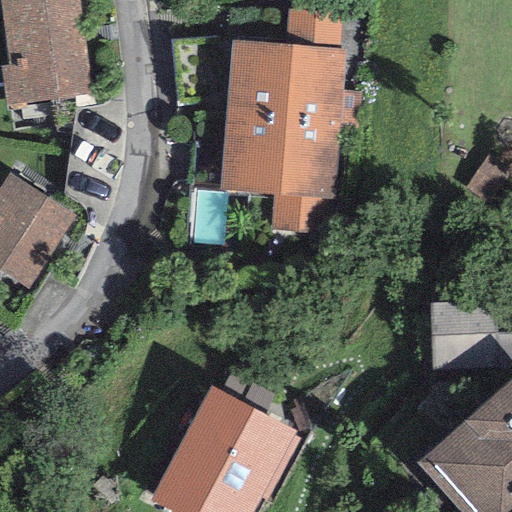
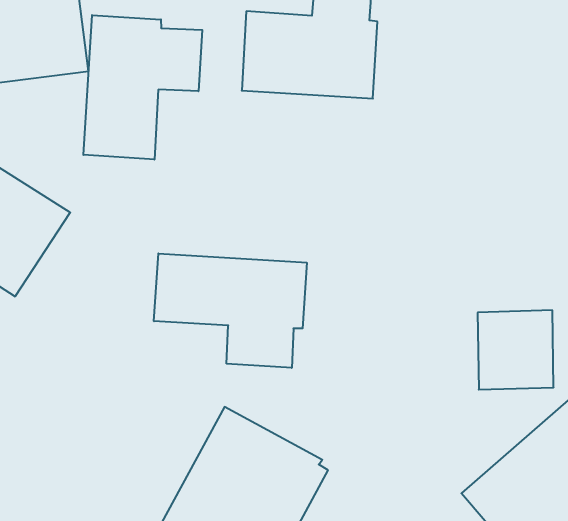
building: none -> [83,15,202,160]
building: [221,110,340,234] -> none
building: none -> [154,253,307,368]

